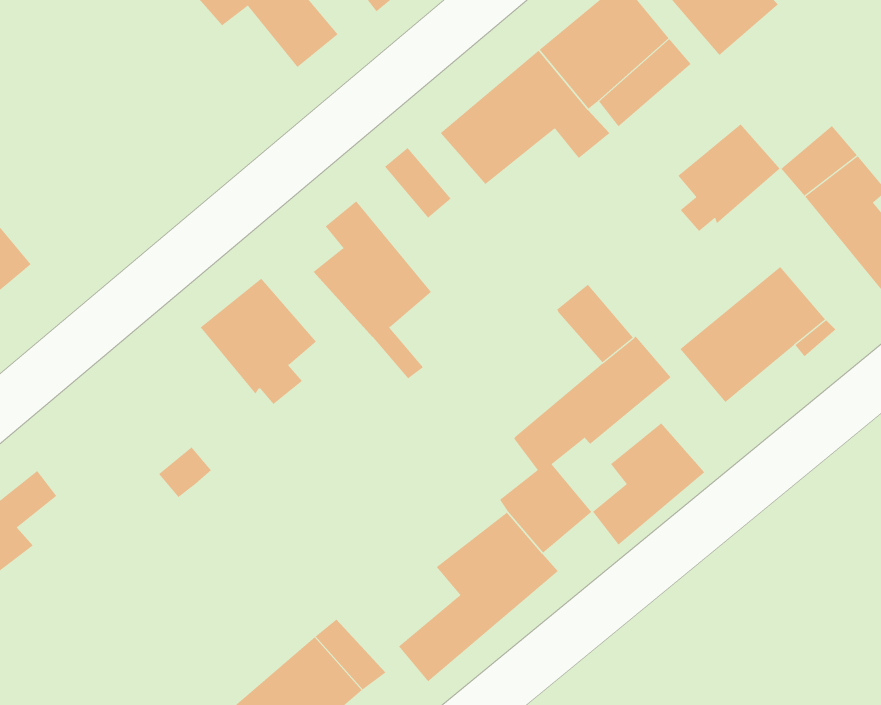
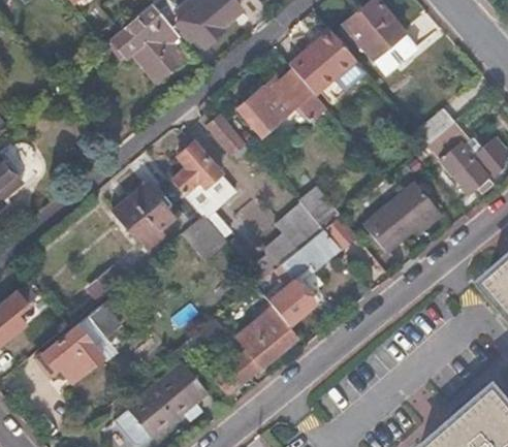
building: [678,124,781,232] -> none
building: none -> [181,216,224,259]
building: [592,423,705,545] -> [262,203,321,267]
building: none -> [36,296,129,382]

